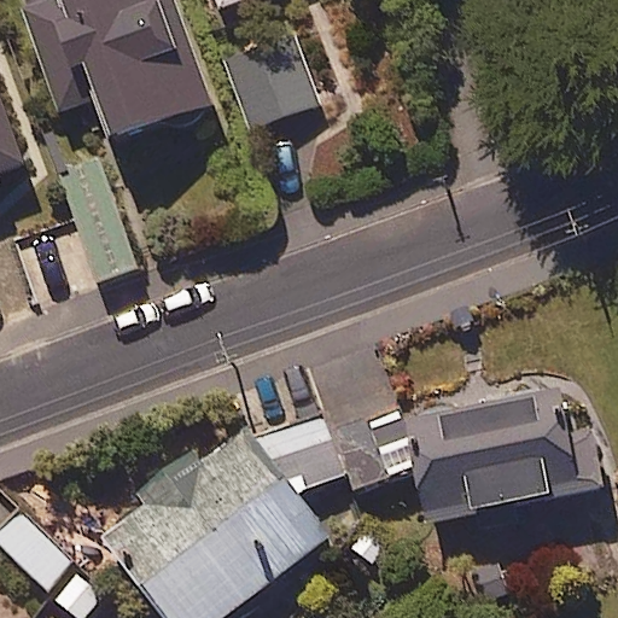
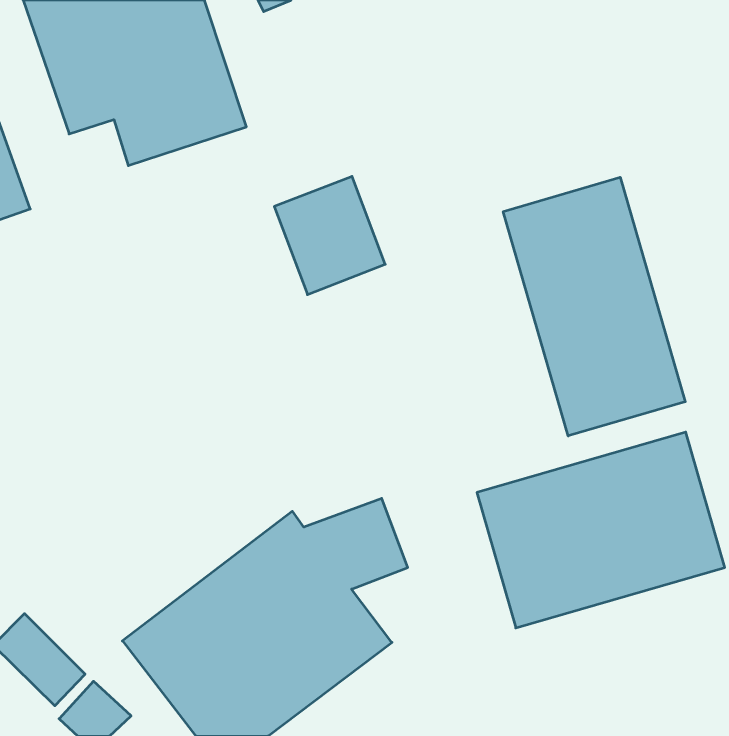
building: [223,30,316,129] -> [274,176,385,295]
building: none -> [503,177,685,436]

